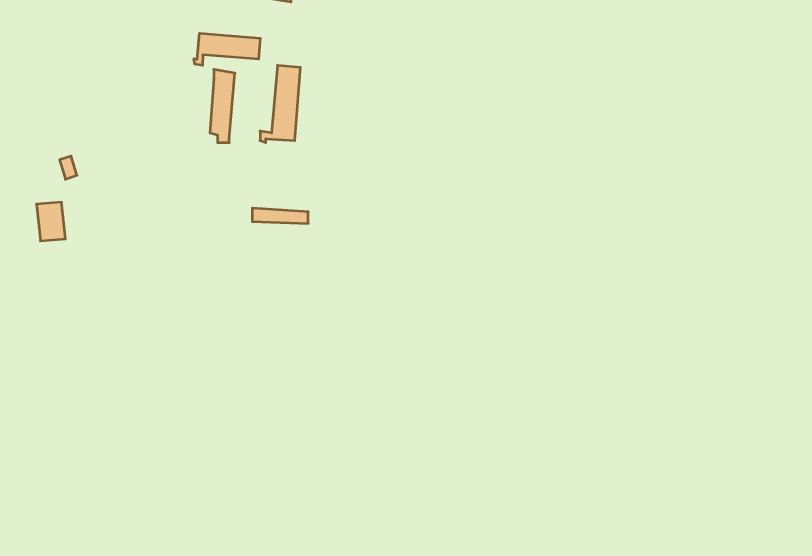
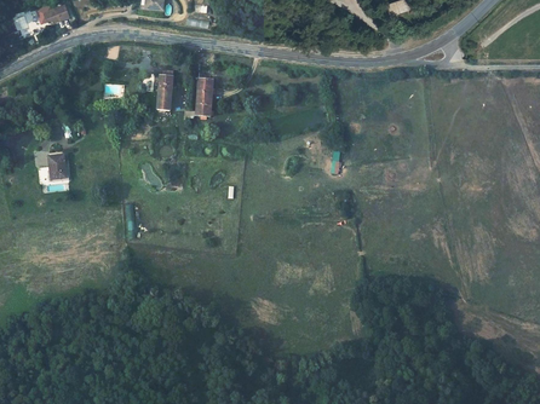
building: [194,33,260,65] -> none

